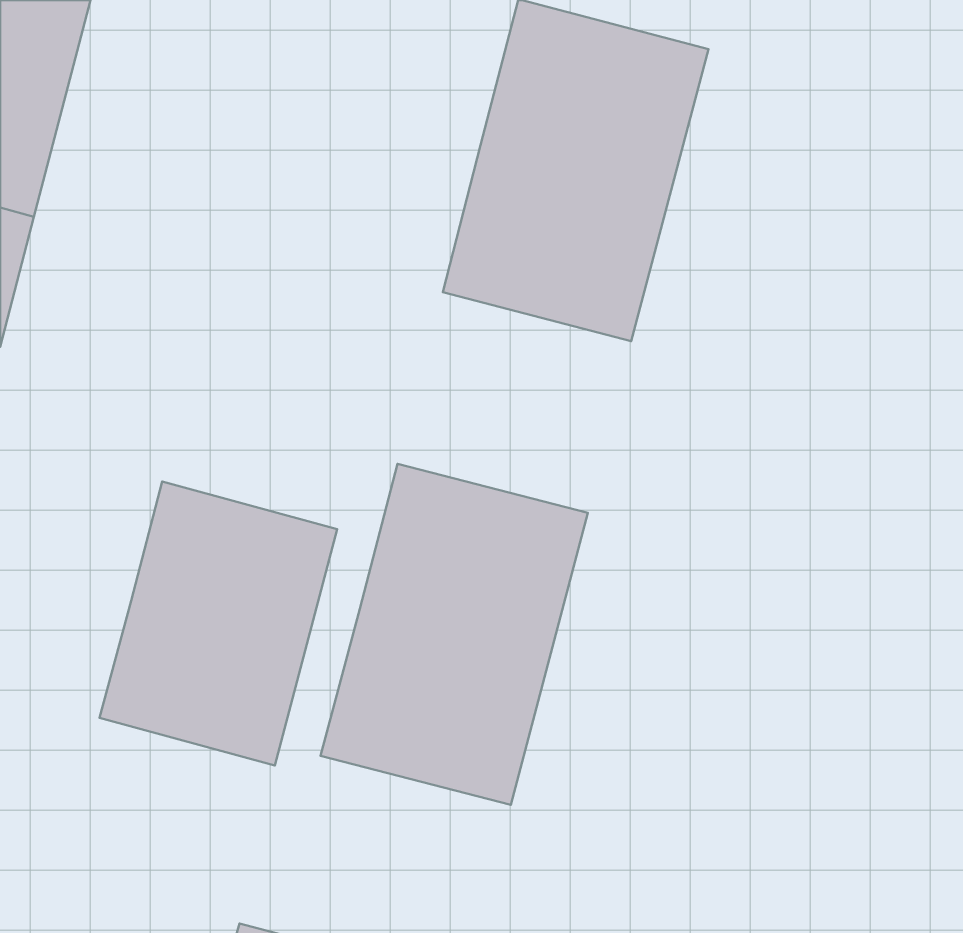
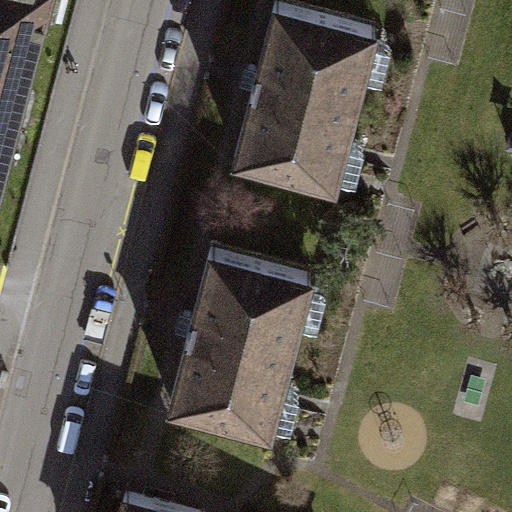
building: [100,482,337,765] -> none

